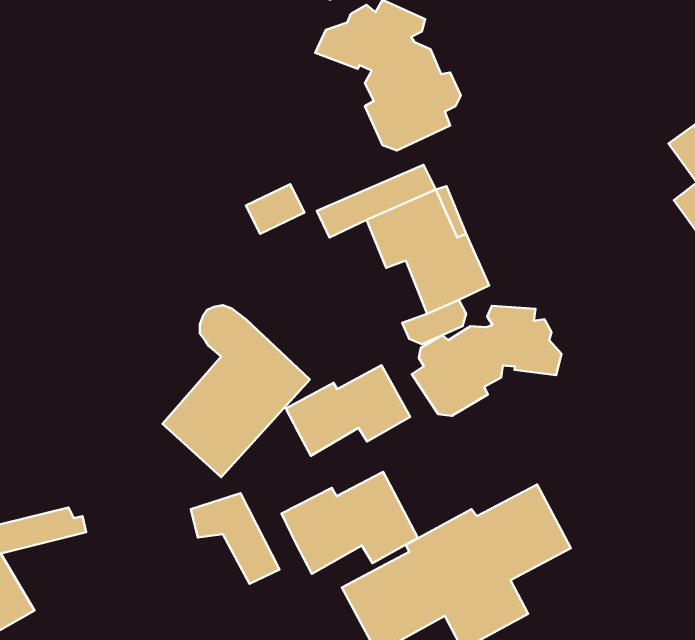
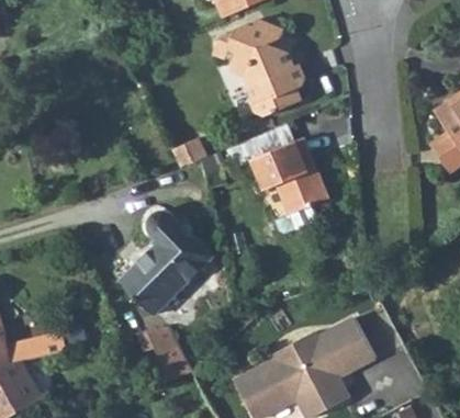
building: [412,306,561,416] -> none
building: [286,365,410,456] -> none
building: [282,472,418,574] -> none

